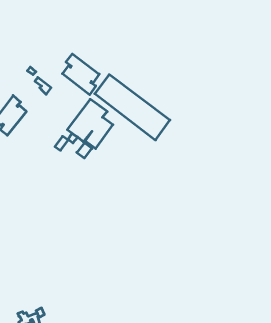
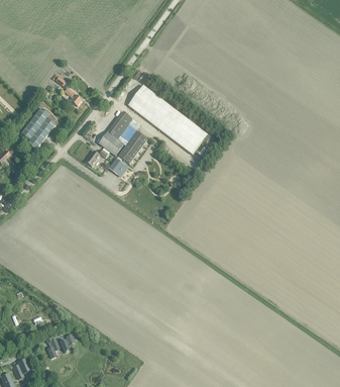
building: [62,54,99,95] -> none

